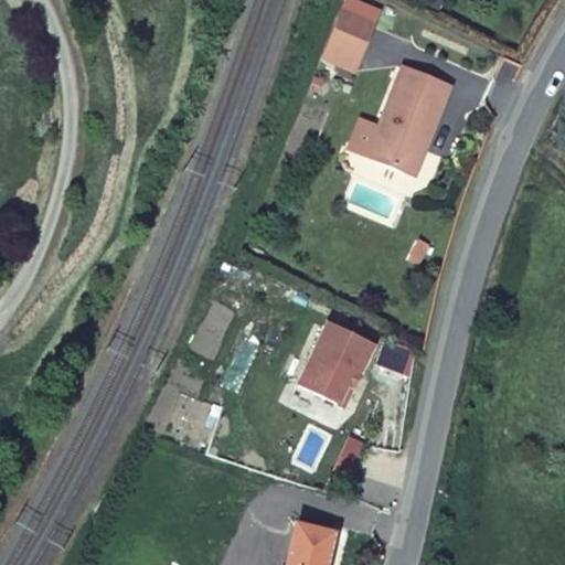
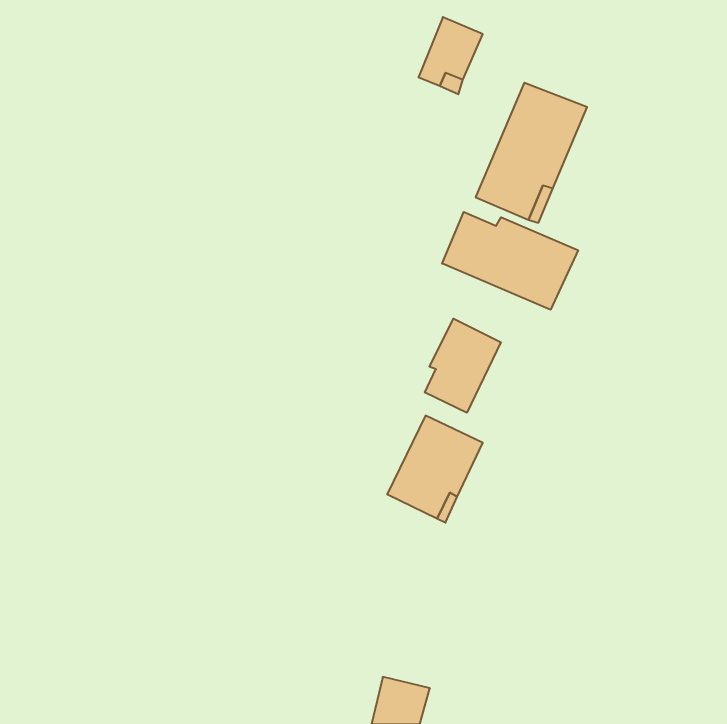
building: none -> [442,212,578,310]
building: none -> [425,319,501,413]

